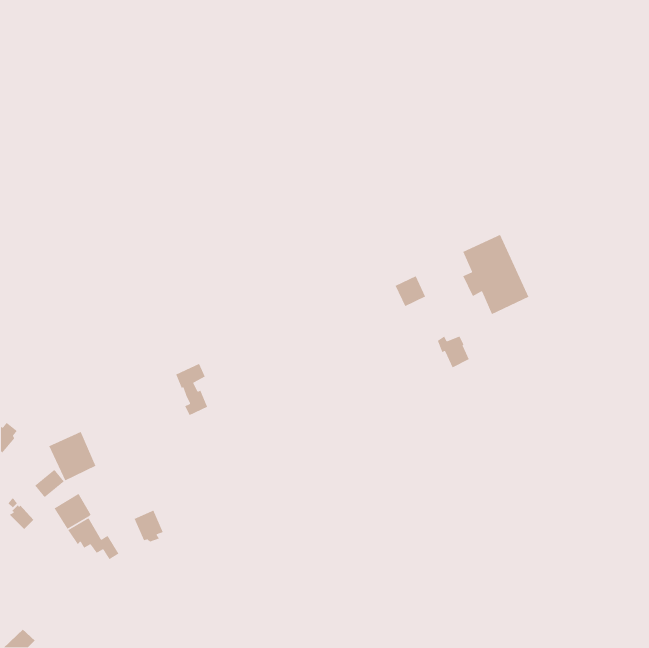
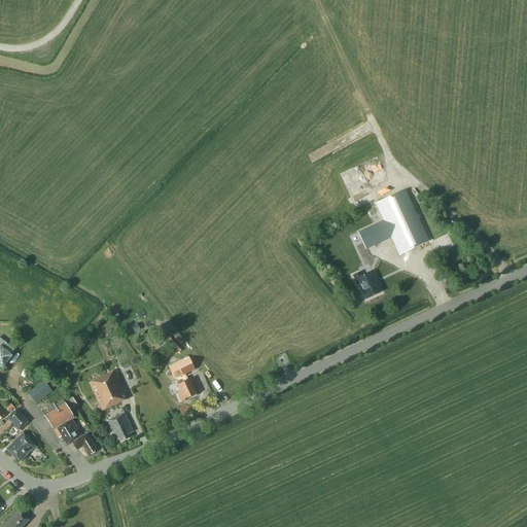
building: [395,275,426,307] -> [357,223,383,249]
building: [175,363,208,416] -> [170,357,197,400]
building: [48,431,97,482] -> [89,370,128,411]
building: none -> [7,431,36,460]

